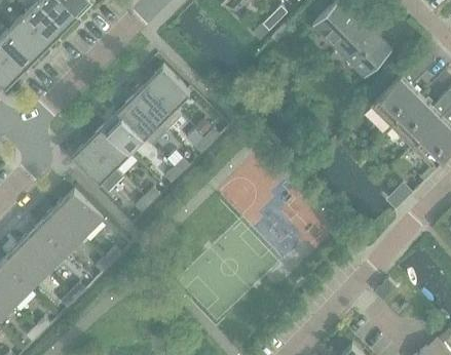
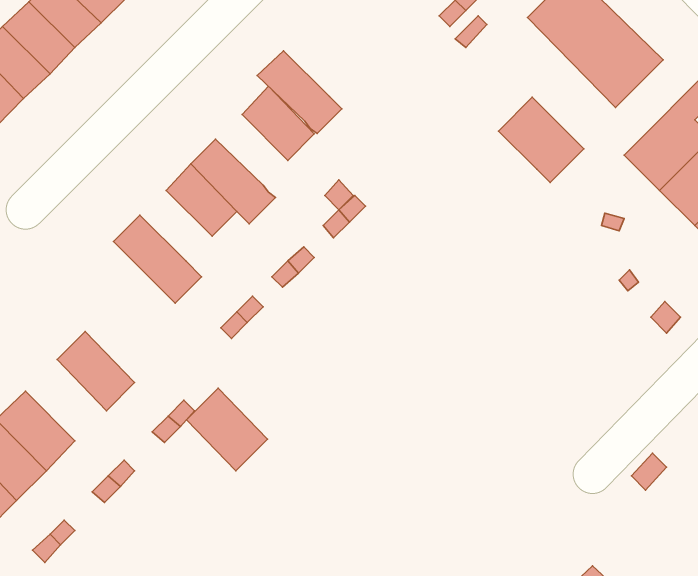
building: none -> [499,97,584,183]
building: [133,82,182,130] -> [257,51,342,134]
building: [88,126,130,167] -> none
building: [57,190,104,238] -> [186,388,267,471]
building: [22,225,69,272] -> none

